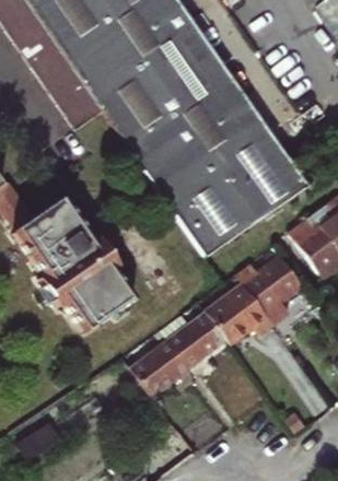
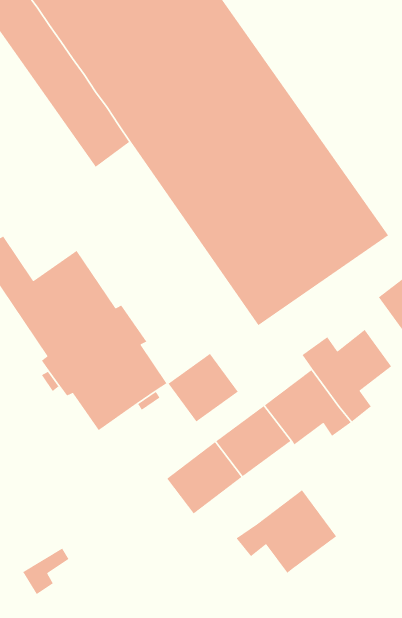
building: none -> [168,353,239,423]
building: none -> [236,489,337,574]

